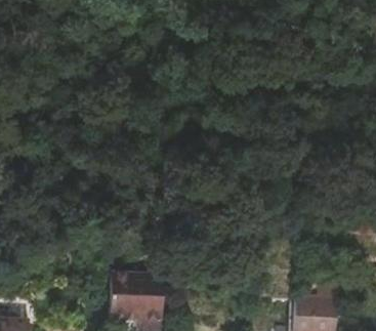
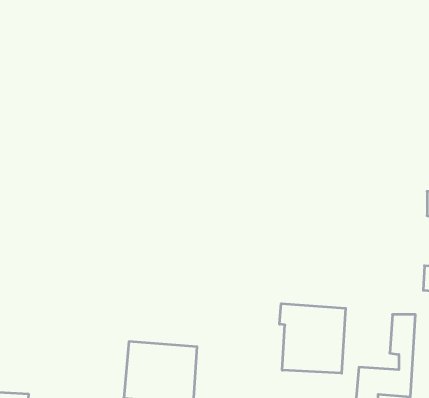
building: none -> [280,304,346,373]

